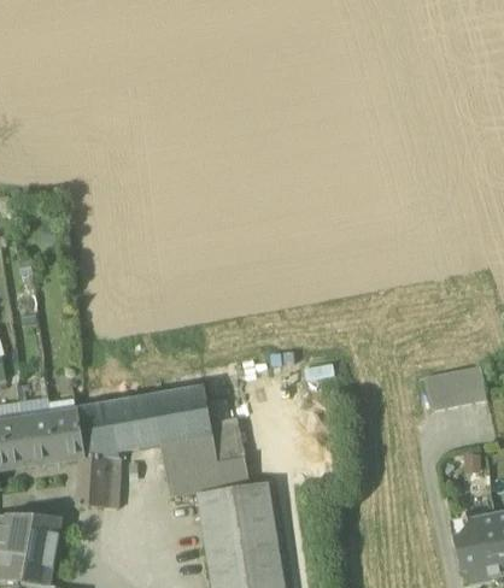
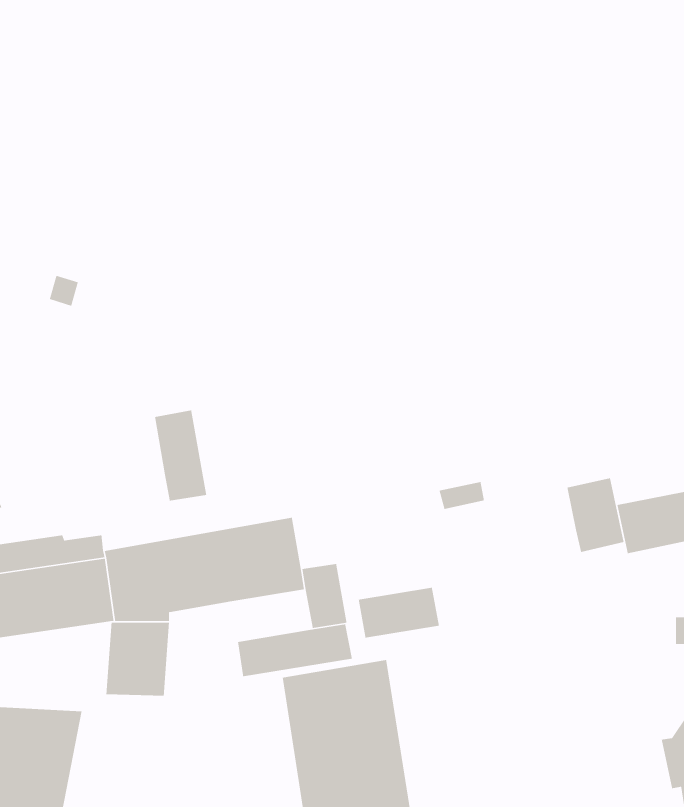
building: none -> [154,409,207,501]
building: none -> [566,477,624,553]
building: [162,436,217,471] -> [358,587,440,638]

